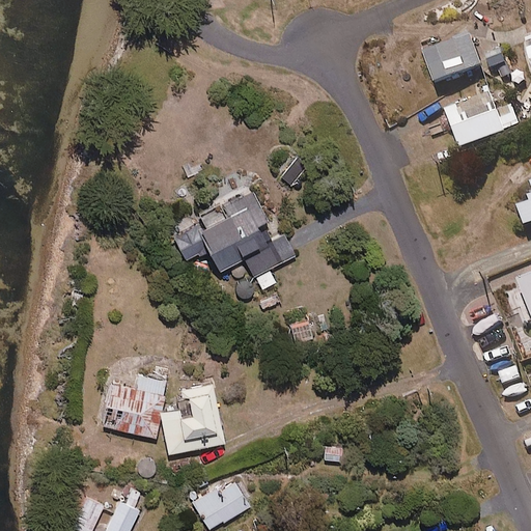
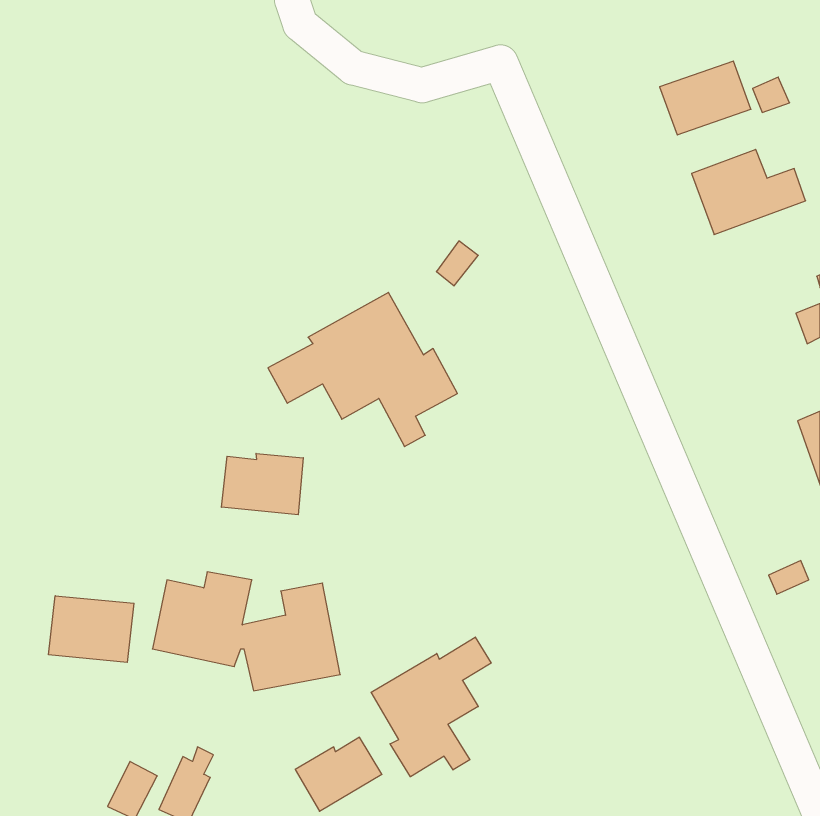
building: none -> [221,453,303,515]
building: none -> [49,596,134,662]
building: none -> [371,637,491,777]

